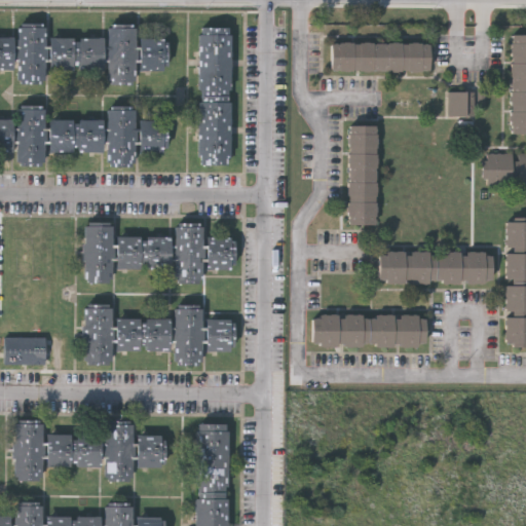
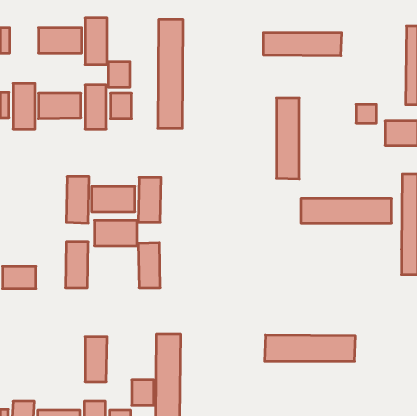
building: [17,26,46,81] -> none
building: [140,37,167,69] -> [108,62,130,87]
building: [449,92,475,116] -> [356,104,376,123]
building: [206,236,234,268] -> none
building: [312,313,426,346] -> [265,335,355,361]
building: [116,317,170,349] -> [94,220,137,246]
building: [206,318,234,349] -> none
building: [16,423,44,481] -> none
building: [48,436,103,467] -> none
building: [138,436,165,467] -> [132,380,154,405]

